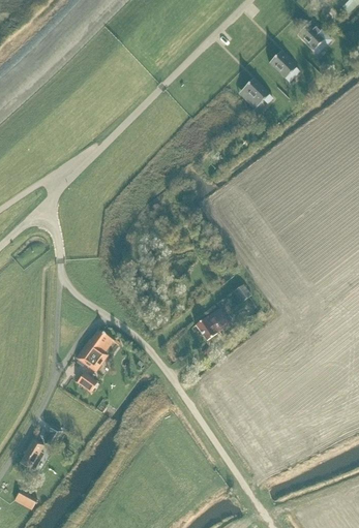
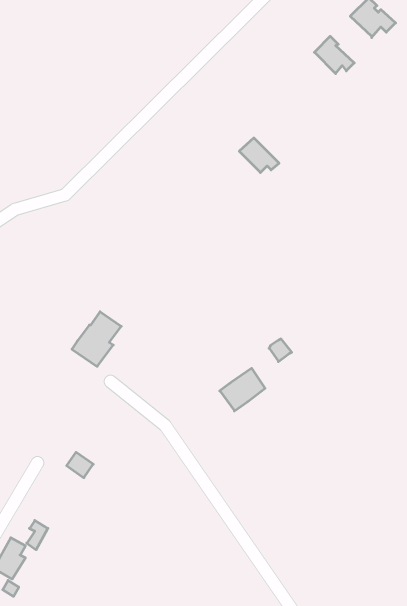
building: [241,79,272,105] -> [239,138,279,173]
building: [74,329,113,371] -> [72,312,121,366]

